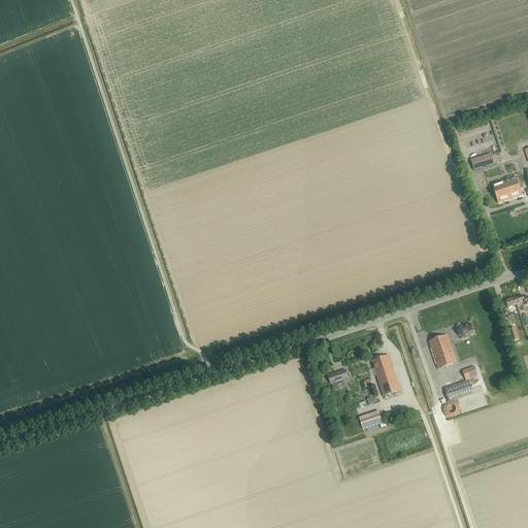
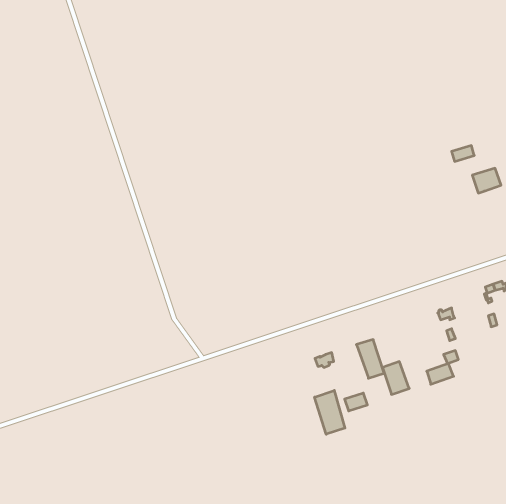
building: [429,333,457,367] -> [383,362,409,394]
building: none -> [315,390,345,434]

